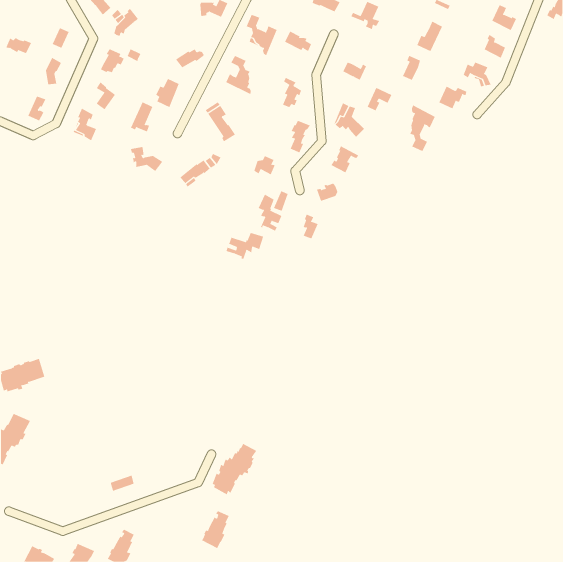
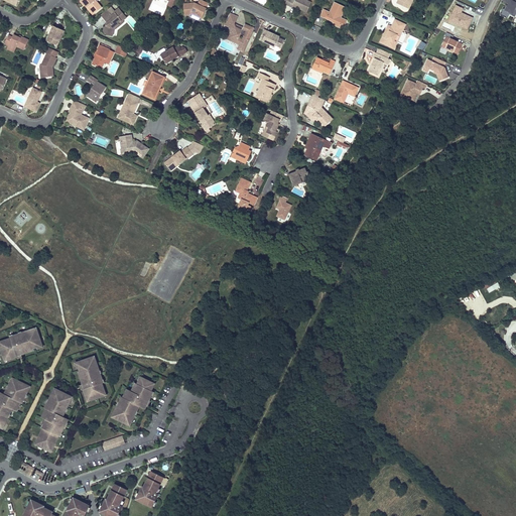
building: [225,55,251,95] -> none
building: [409,105,436,152] -> none
building: [226,232,264,260] -> none
building: none -> [75,356,104,399]
building: none -> [34,388,71,450]
building: [212,443,257,495] -> [112,376,153,423]
building: [201,510,230,549] -> [134,472,160,507]

